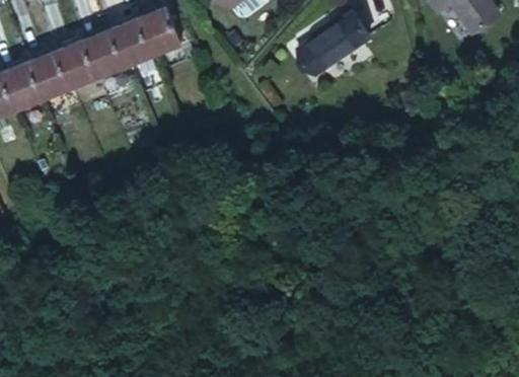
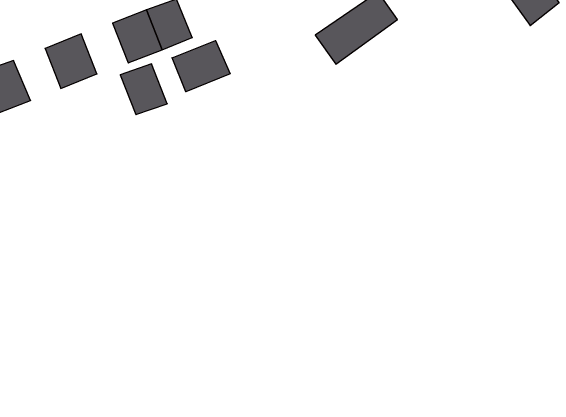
building: [92,31,132,74] -> [120,64,167,115]
building: none -> [172,41,230,92]
building: [35,53,75,96] -> none

